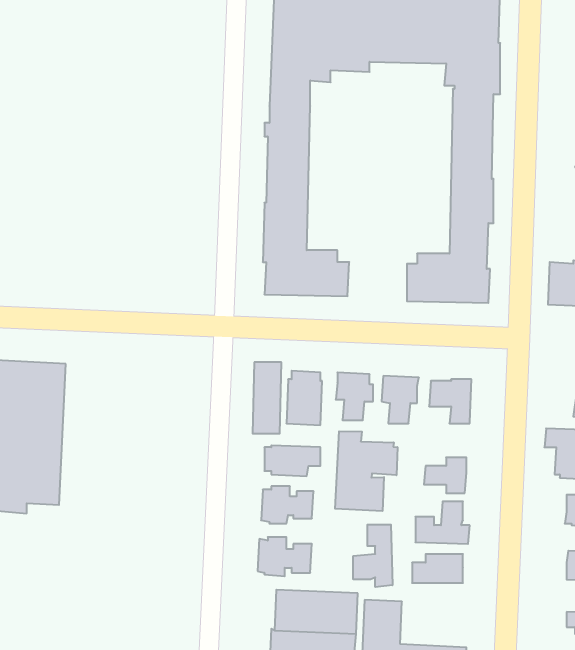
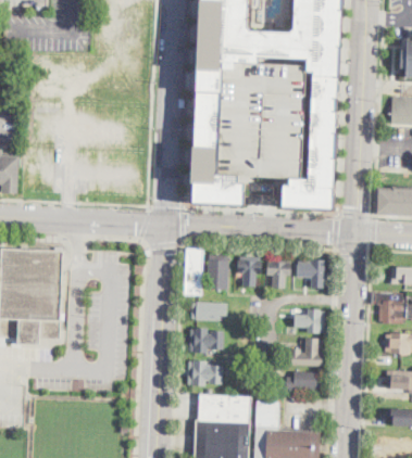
building: none -> [217,63,305,177]
building: [335,431,397,511] -> none
building: [353,525,392,587] -> none

